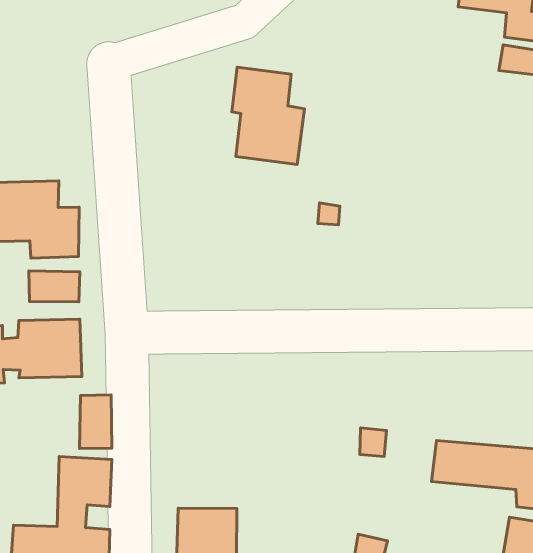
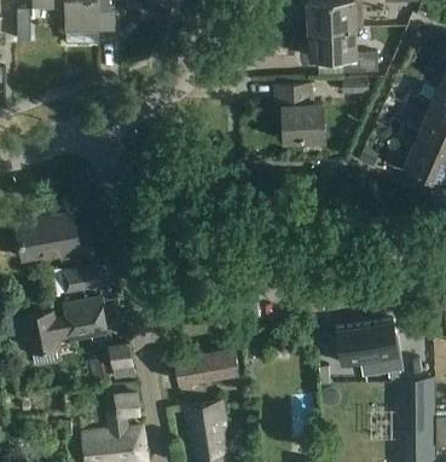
building: [232,67,305,165] -> [276,83,324,142]
building: none -> [175,347,238,385]

